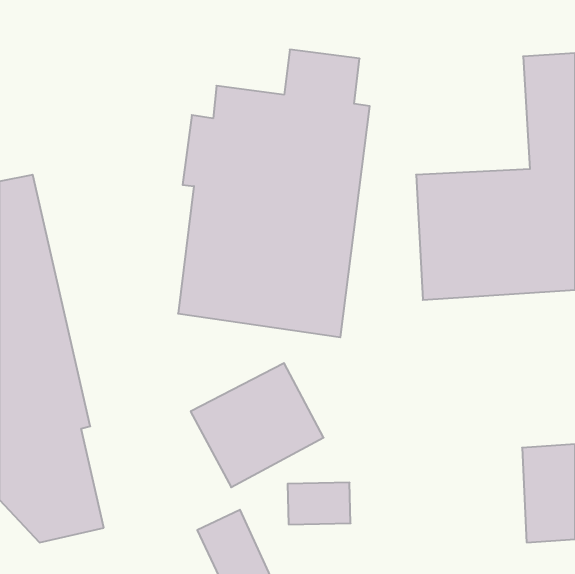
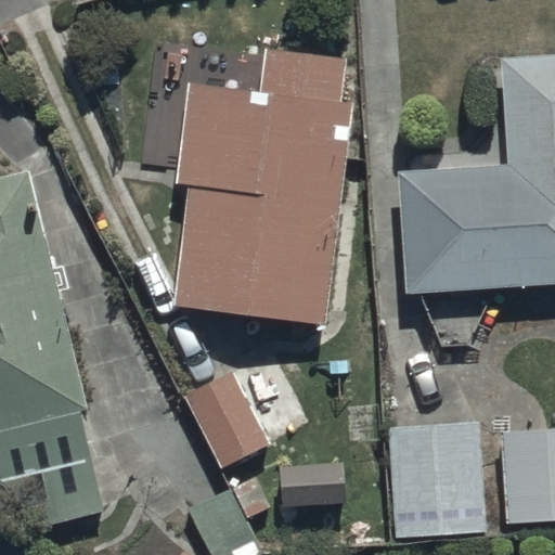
building: none -> [387,423,487,542]

